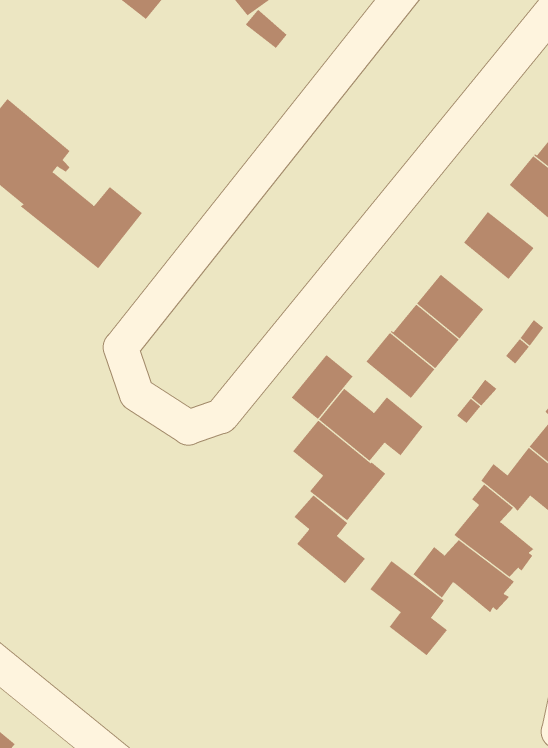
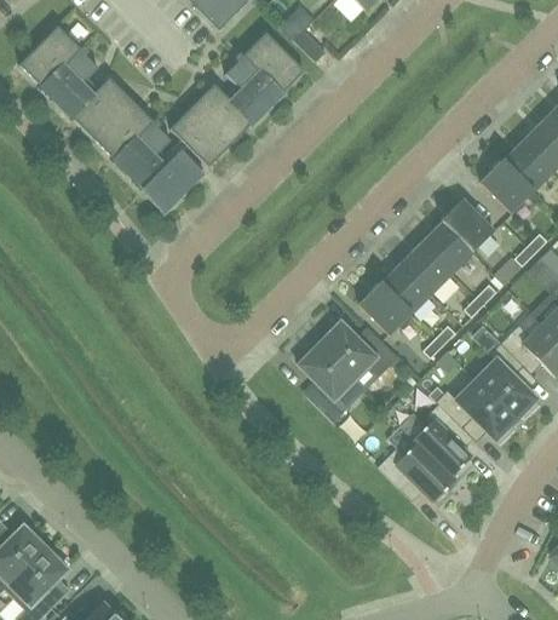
building: none -> [171,31,305,166]
building: none -> [422,219,473,271]
building: [291,354,353,420] -> none
building: [294,495,366,584] -> none
building: [369,560,448,656] -> none

